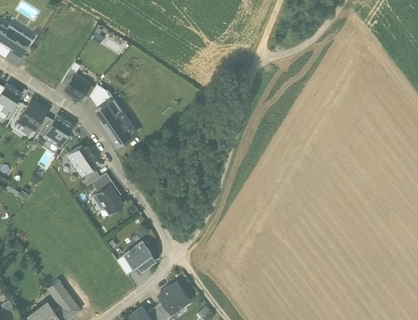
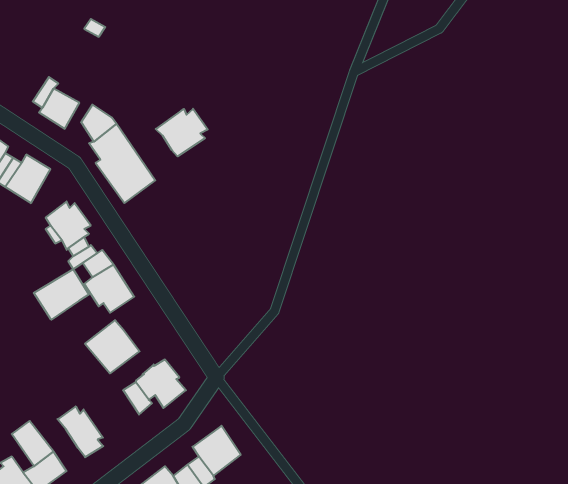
building: none -> [156,109,208,156]
building: none -> [34,269,89,320]
building: none -> [85,320,140,373]
building: none -> [57,406,103,457]

